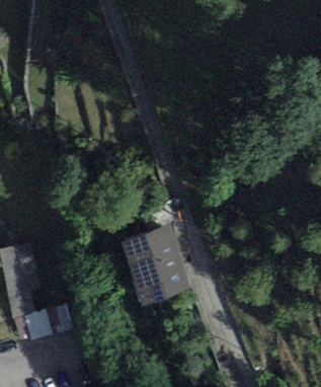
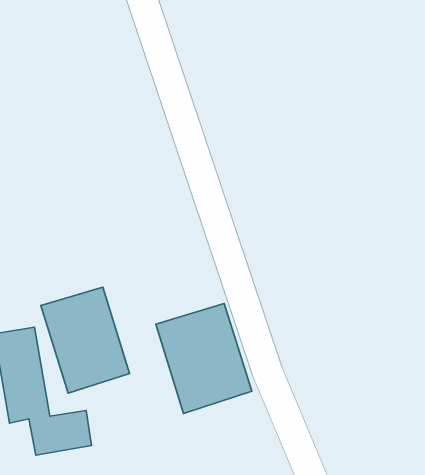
building: none -> [41,287,129,393]

